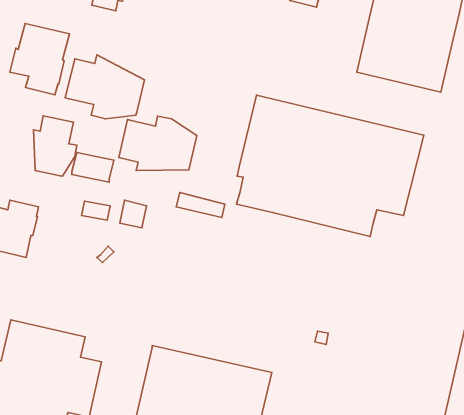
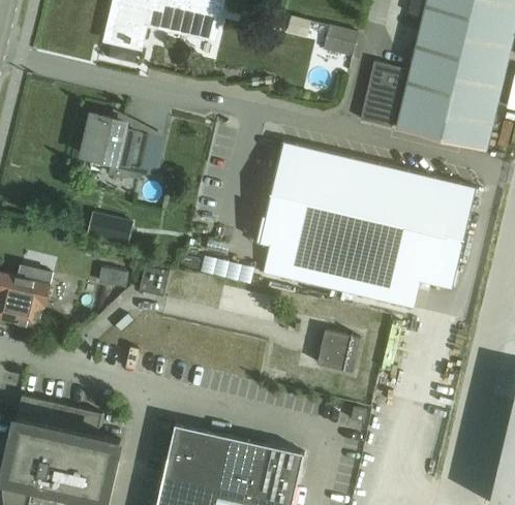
building: none -> [360,62,410,128]
building: [10,23,69,95] -> none
building: [33,116,77,176] -> none
building: [119,116,197,170] -> none
building: none -> [317,329,360,372]

